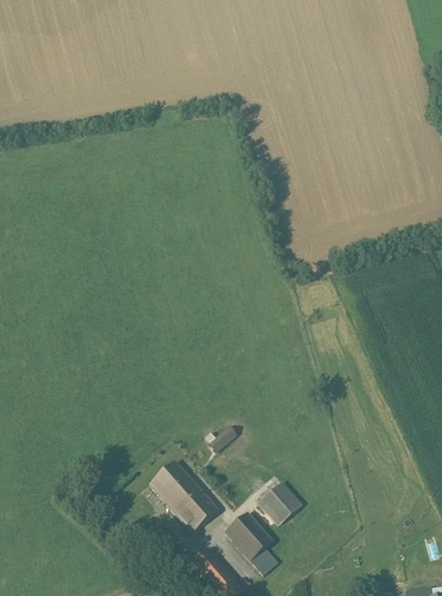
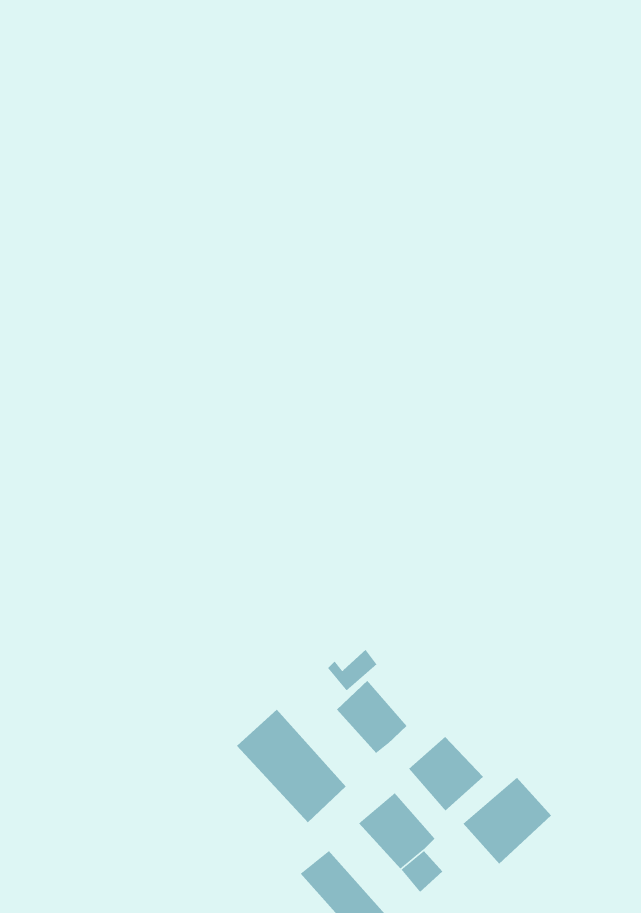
building: none -> [336,680,407,754]
building: none -> [463,777,552,864]

